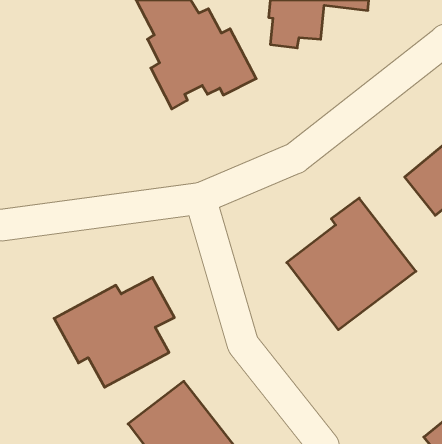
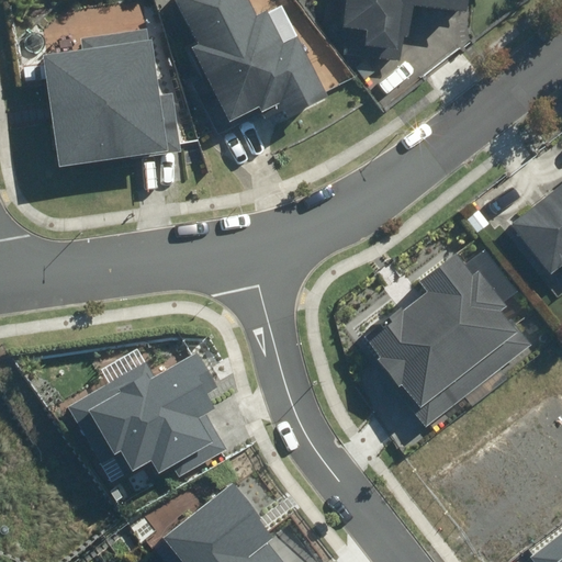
building: none -> [42,26,168,166]

